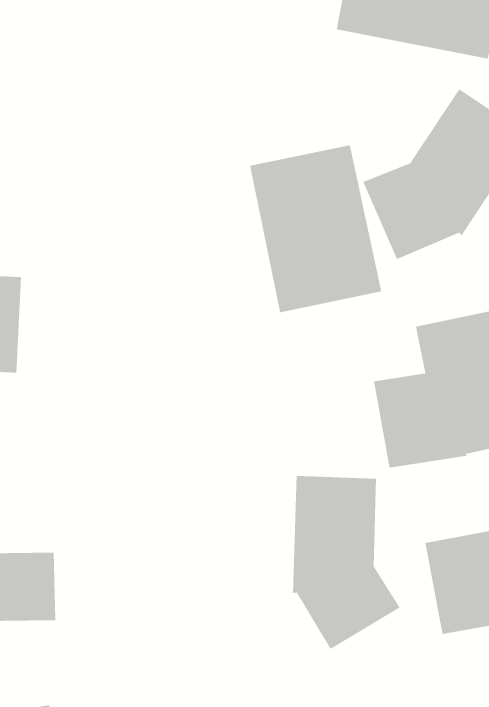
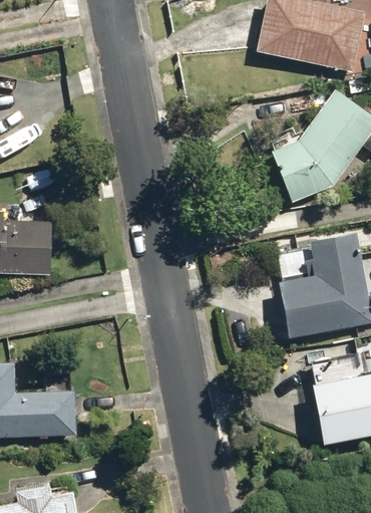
building: [250,144,382,313] -> none
building: [292,475,400,650] -> none

